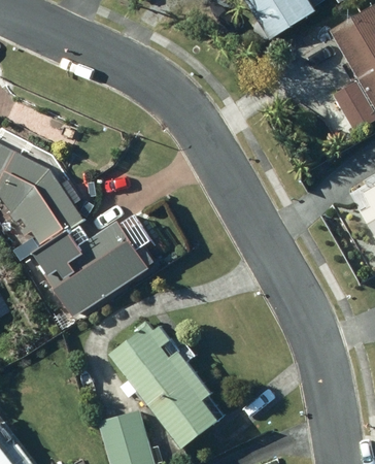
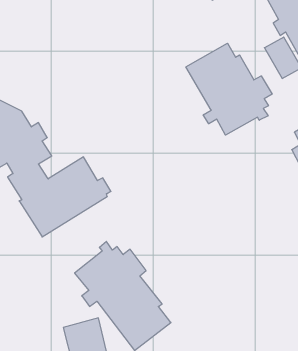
building: none -> [186,43,272,135]

